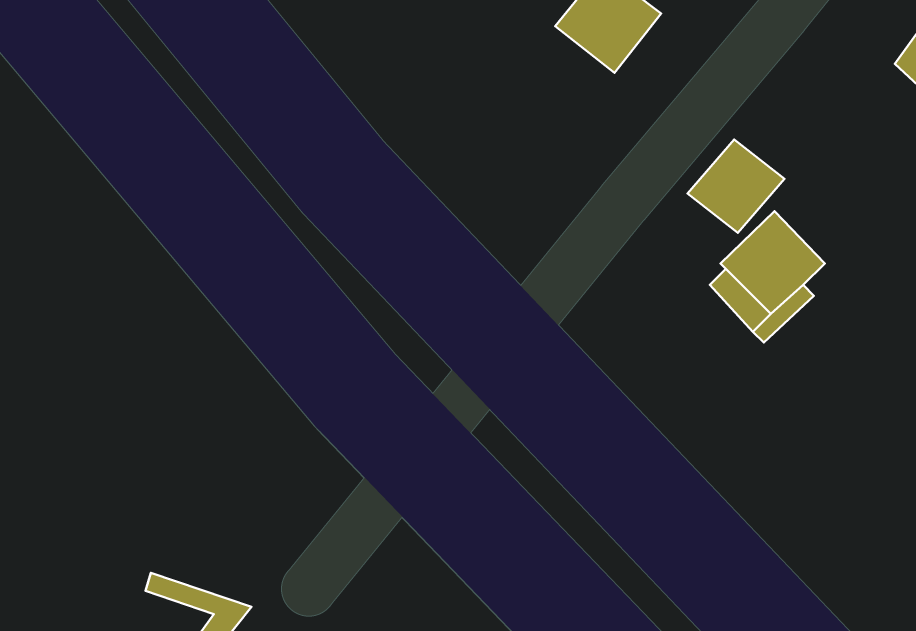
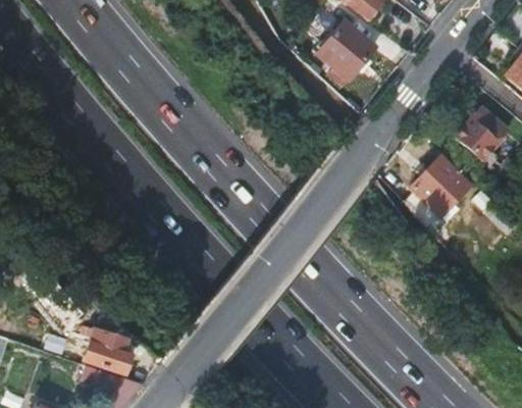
building: [688,139,785,233] -> [456,106,511,159]
building: none -> [89,326,133,370]

